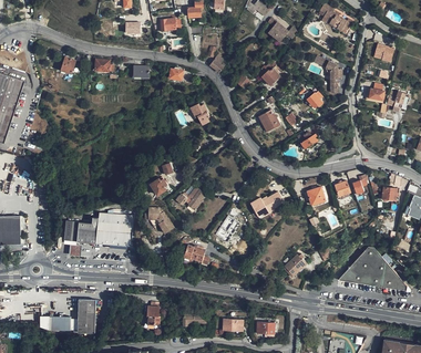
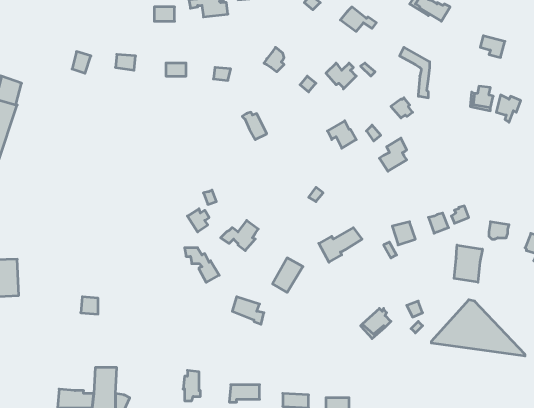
building: none -> [454,245,482,282]
building: [65,211,134,246] -> none

